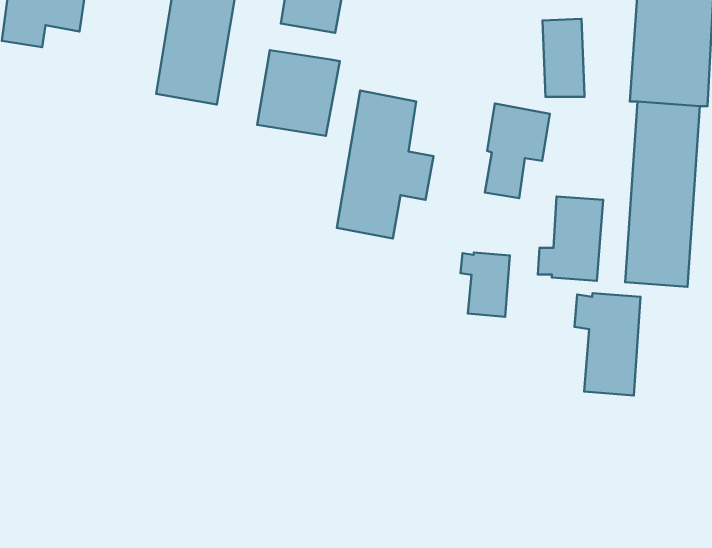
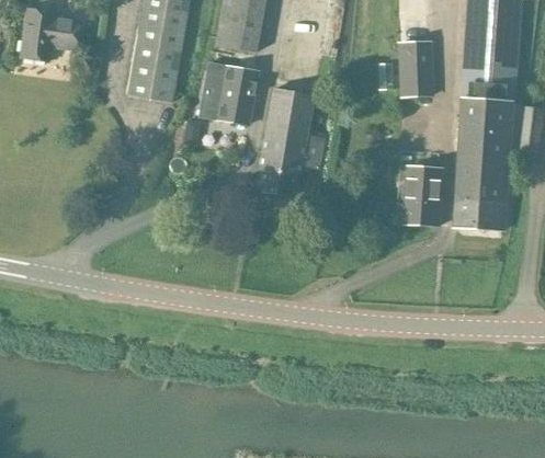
building: [485,104,550,198] -> none
building: [461,253,510,317] -> none
building: [575,293,640,396] -> none

